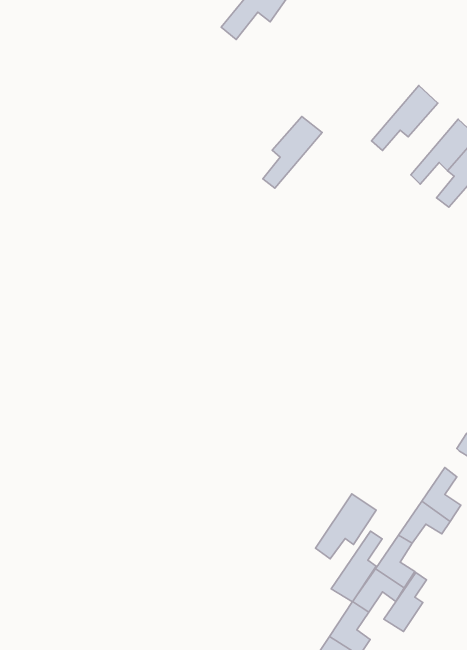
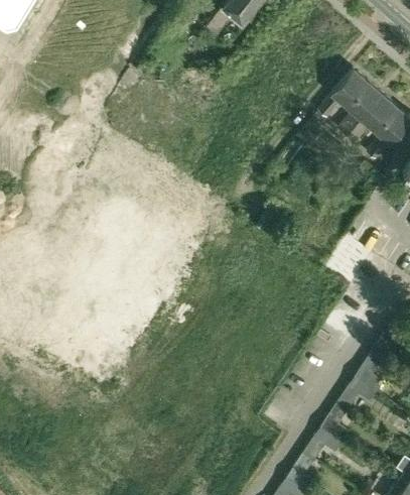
building: [263,116,322,188] -> [337,85,382,138]
building: [316,494,376,559] -> none
building: [331,531,382,602] -> none
building: [384,573,427,632] -> none

